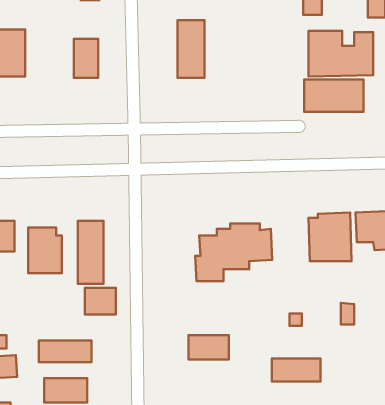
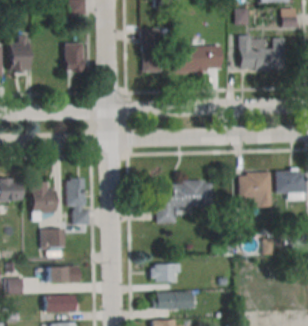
building: [304,80,363,112] -> [177,47,221,71]
building: [85,288,116,315] -> [42,229,65,249]
building: [272,359,320,381] -> [155,292,191,309]

